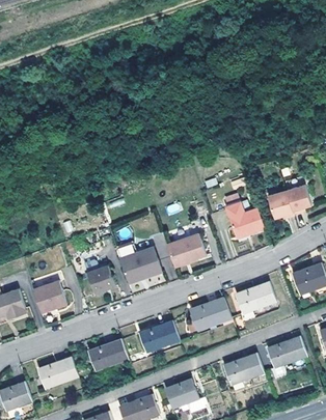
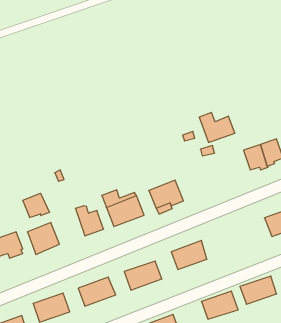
building: [226,202,266,235] -> [199,112,235,142]
building: none -> [23,193,49,218]
building: [236,282,275,314] -> none

